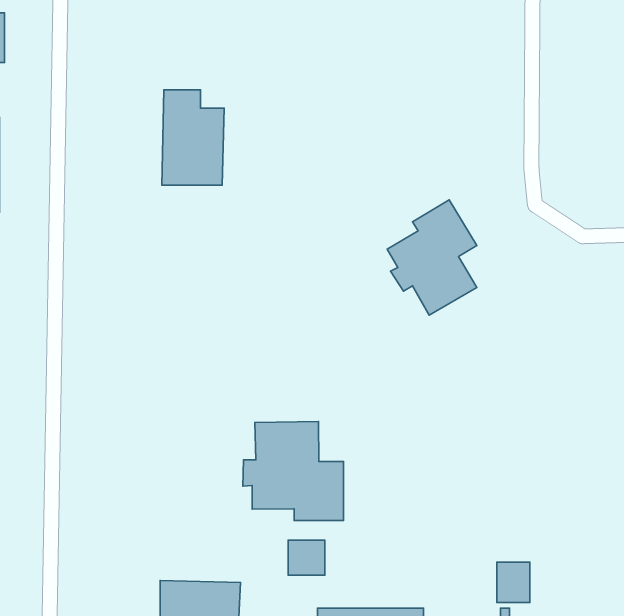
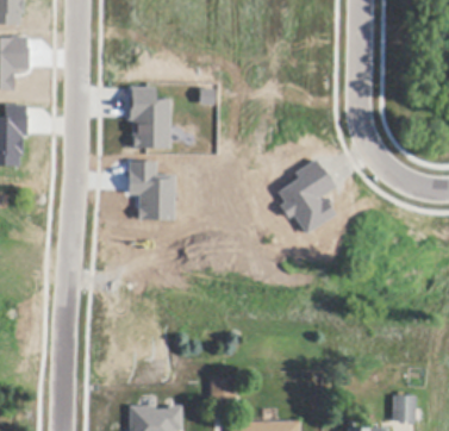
building: none -> [126,160,174,219]
building: [243,422,344,521] -> none
building: [497,562,530,603] -> [394,396,416,423]

